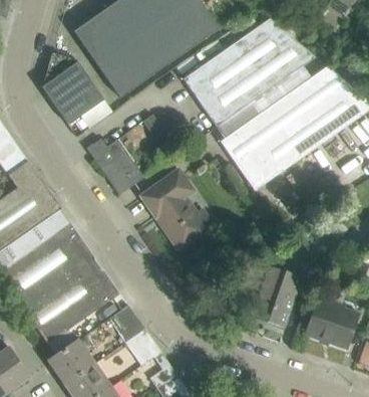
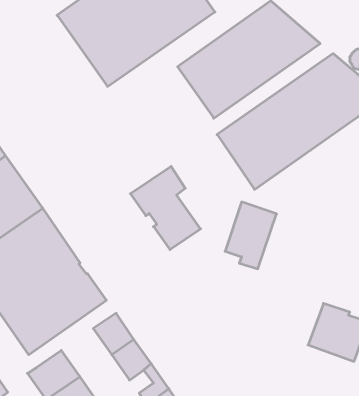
building: [41,52,104,125] -> none
building: [86,139,144,195] -> none
building: [254,265,301,327] -> [225,202,277,269]

